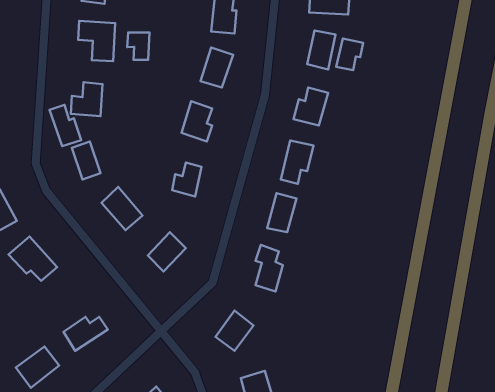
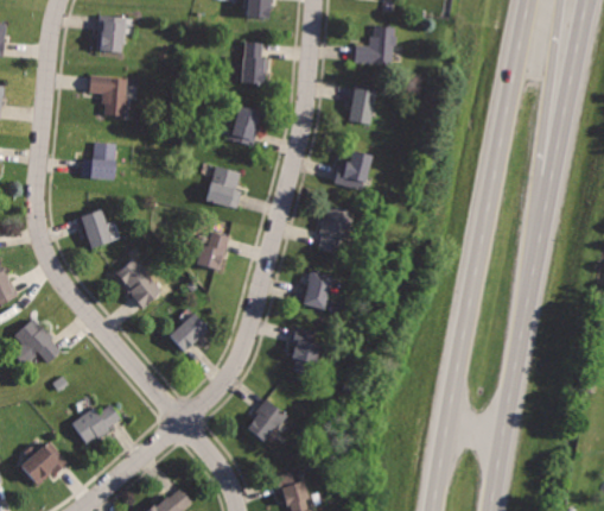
building: [127,32,150,60] -> none
building: [336,39,363,70] -> none
building: [49,105,81,146] -> none

